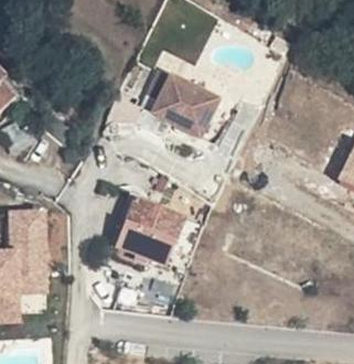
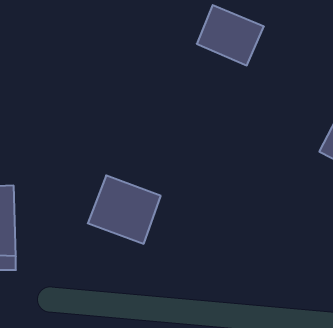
building: [154,76,219,135] -> [197,5,264,65]

